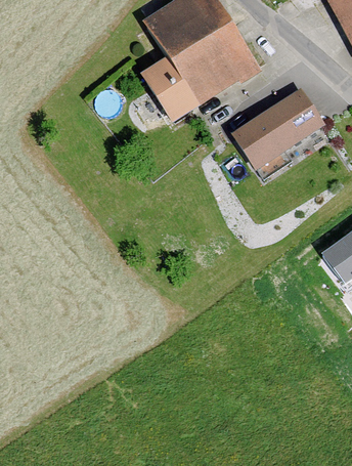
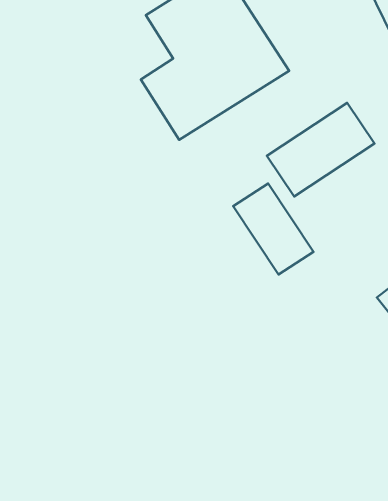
building: none -> [233,183,313,275]

